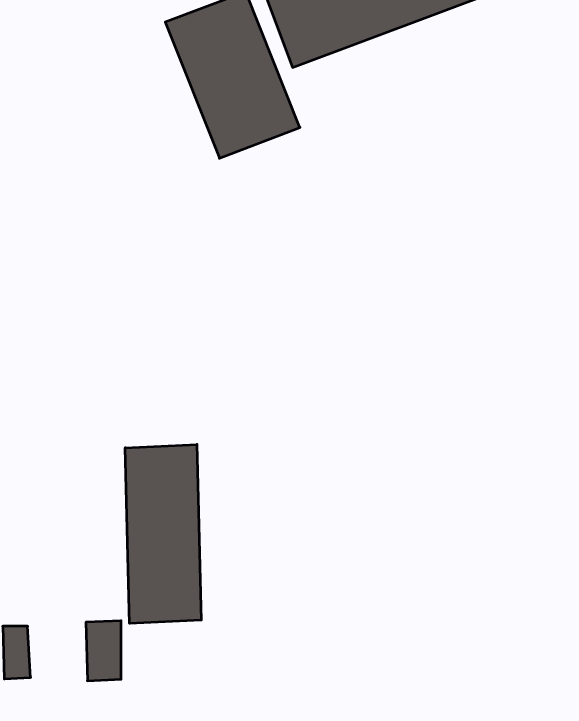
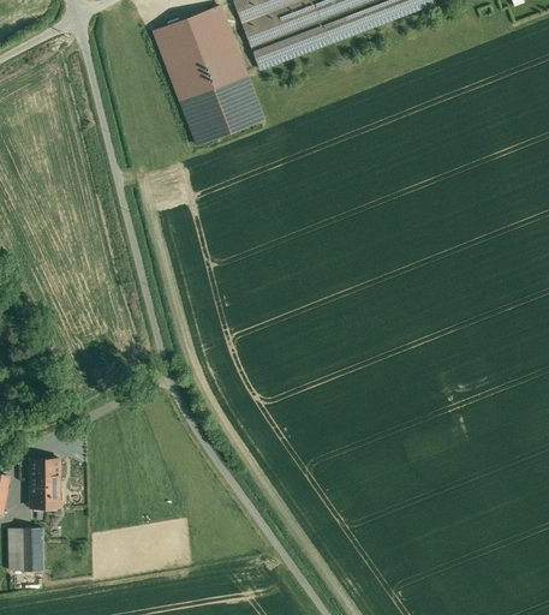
building: [125,444,201,623] -> none
building: [86,621,121,681] -> [29,456,58,506]

